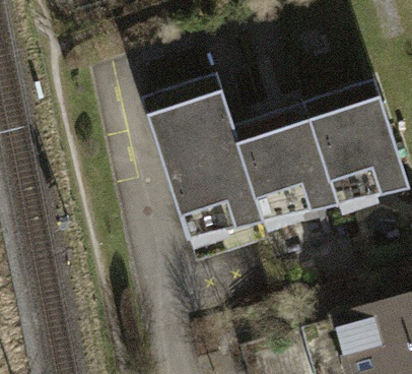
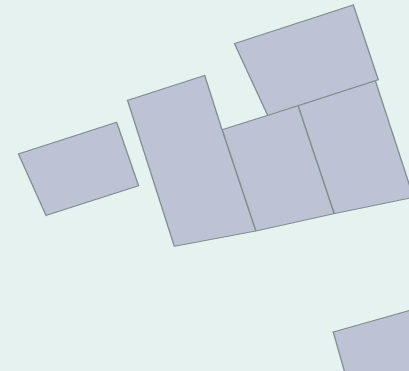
building: none -> [234,5,378,115]
building: none -> [18,122,138,216]

